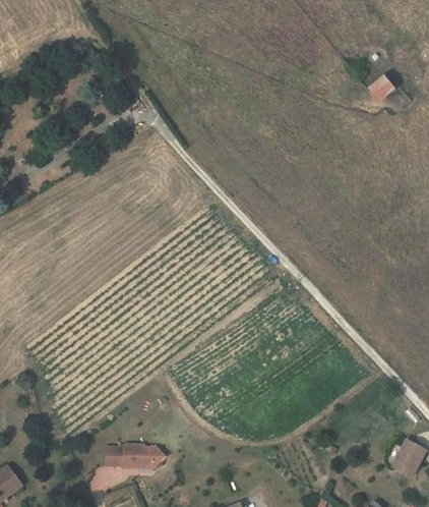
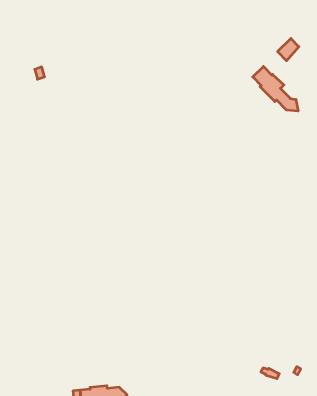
building: none -> [253,66,298,111]

